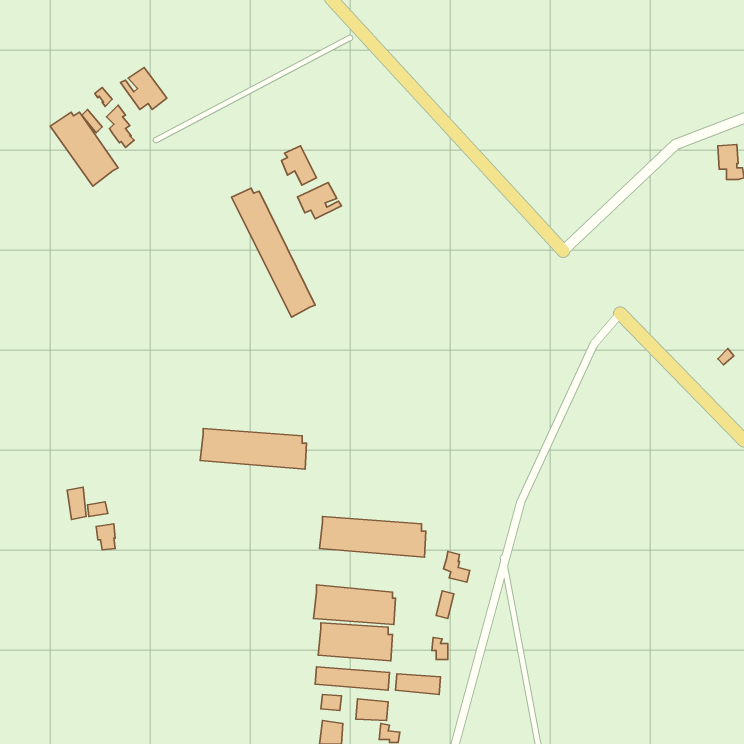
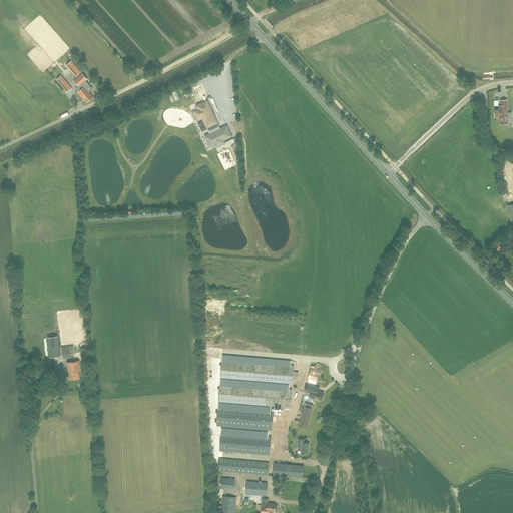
building: [121,68,167,109] -> none
building: [50,112,118,186] -> none
building: [231,188,315,317] -> none
building: [200,428,307,469] -> [217,379,291,407]

